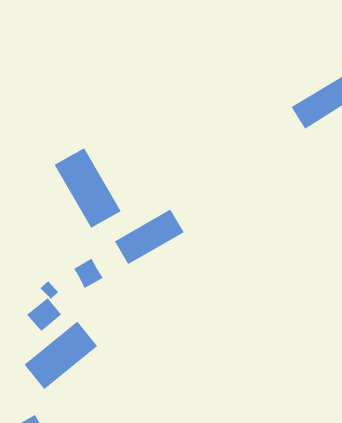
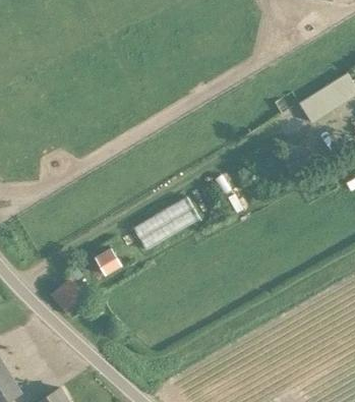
building: [54,147,122,229] -> none
building: [24,321,98,390] -> none

